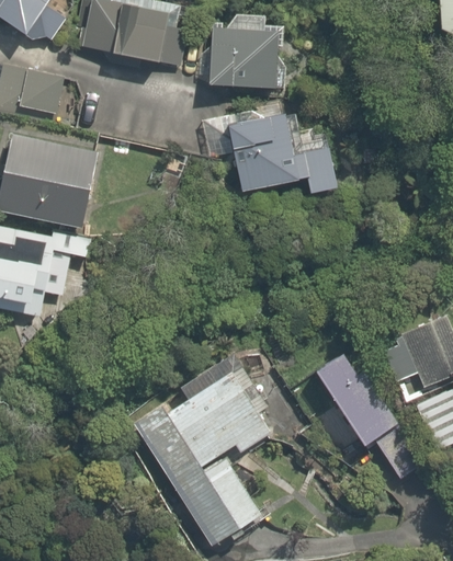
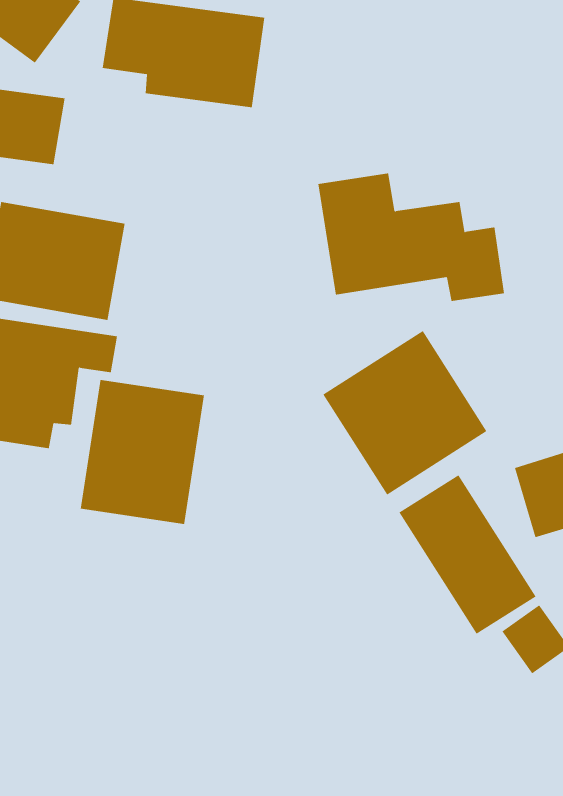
building: [224,35,294,98] -> none
building: none -> [323,330,487,496]
building: none -> [80,379,205,525]
building: [117,344,273,541] -> none

